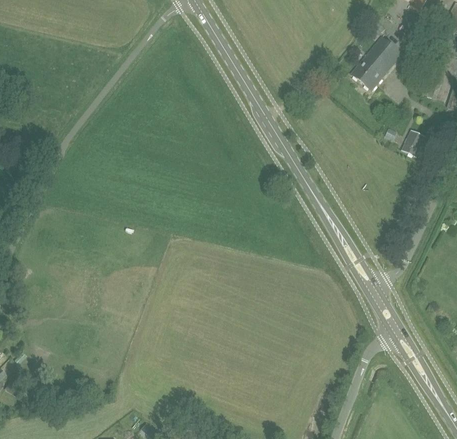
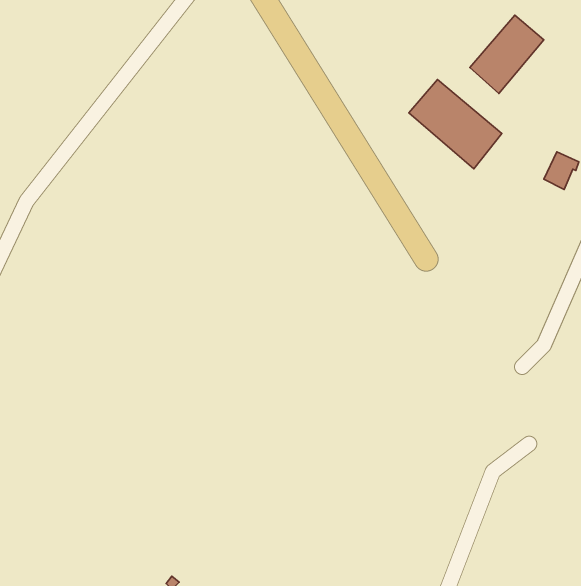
building: none -> [409,79,502,169]

